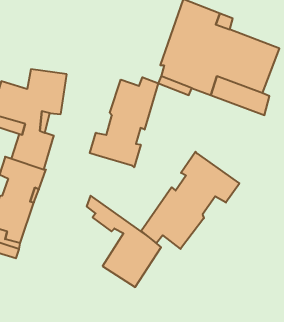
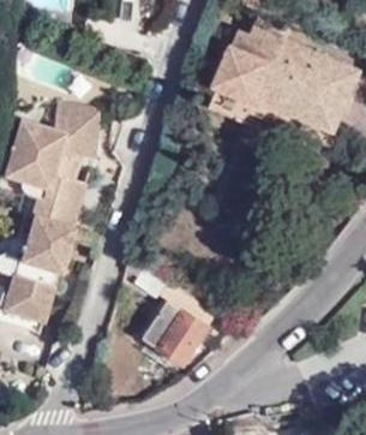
building: [90,77,158,167] -> none
building: [141,152,239,249] -> none

